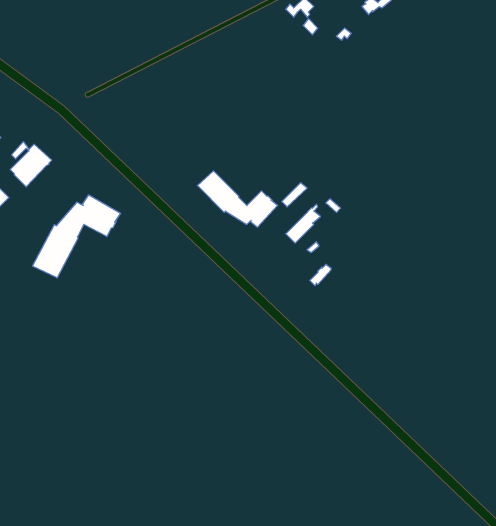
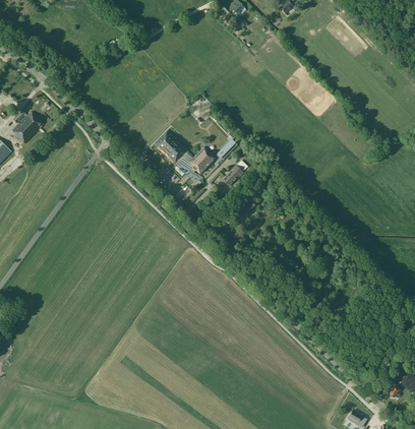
building: [33,195,121,278] -> none

